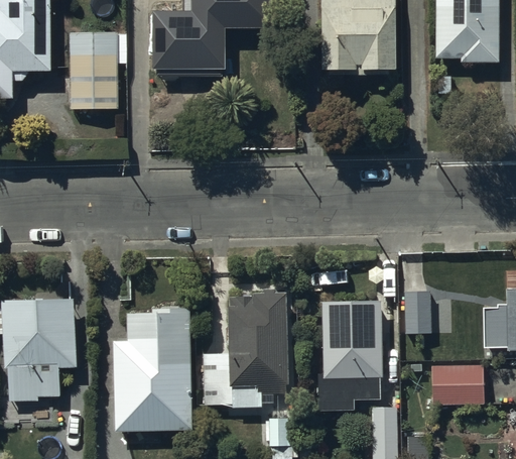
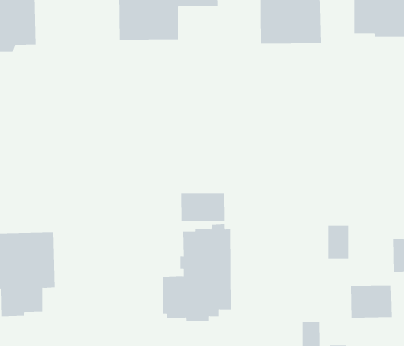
building: [70,33,116,110] -> none
building: none -> [181,192,225,222]
building: [317,302,381,412] -> none
building: [113,309,192,433] -> none

